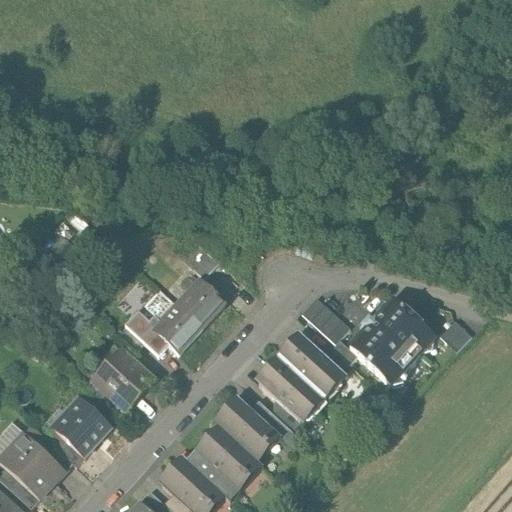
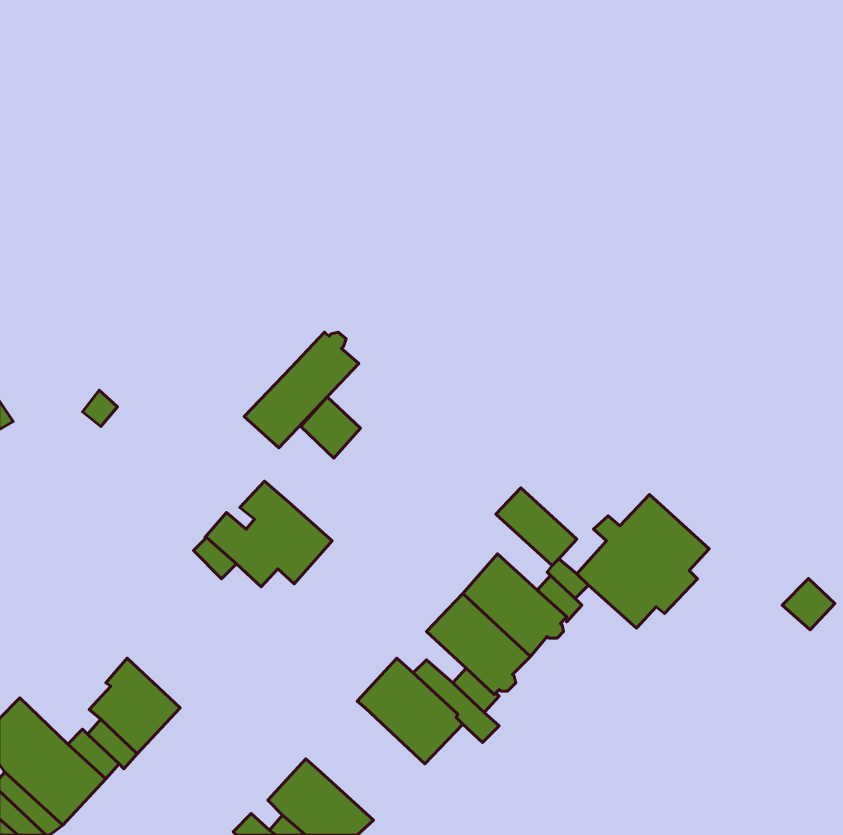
building: none -> [244,332,359,448]
building: [175,279,224,327] -> none
building: [438,319,470,350] -> [782,579,835,630]
building: [92,350,153,410] -> none
building: [194,428,262,500] -> none

